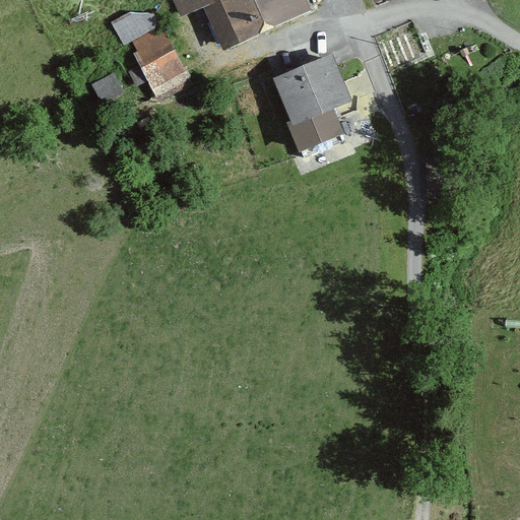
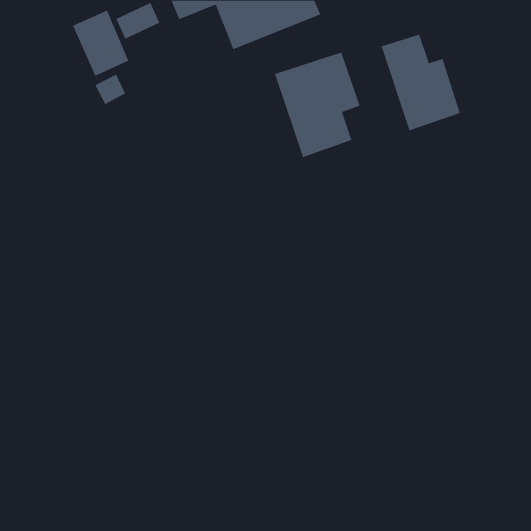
building: [127,23,183,88] -> [72,10,129,76]
building: none -> [381,34,461,131]

